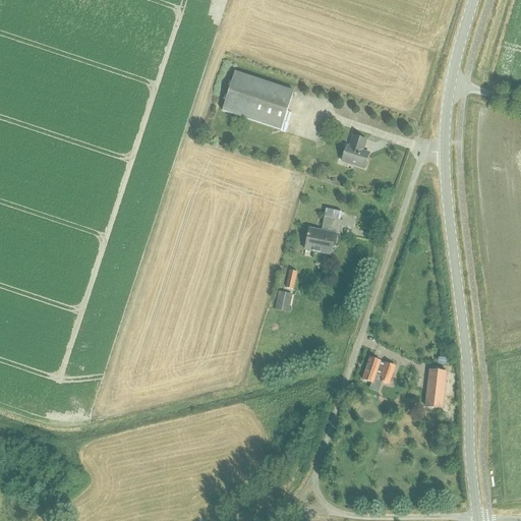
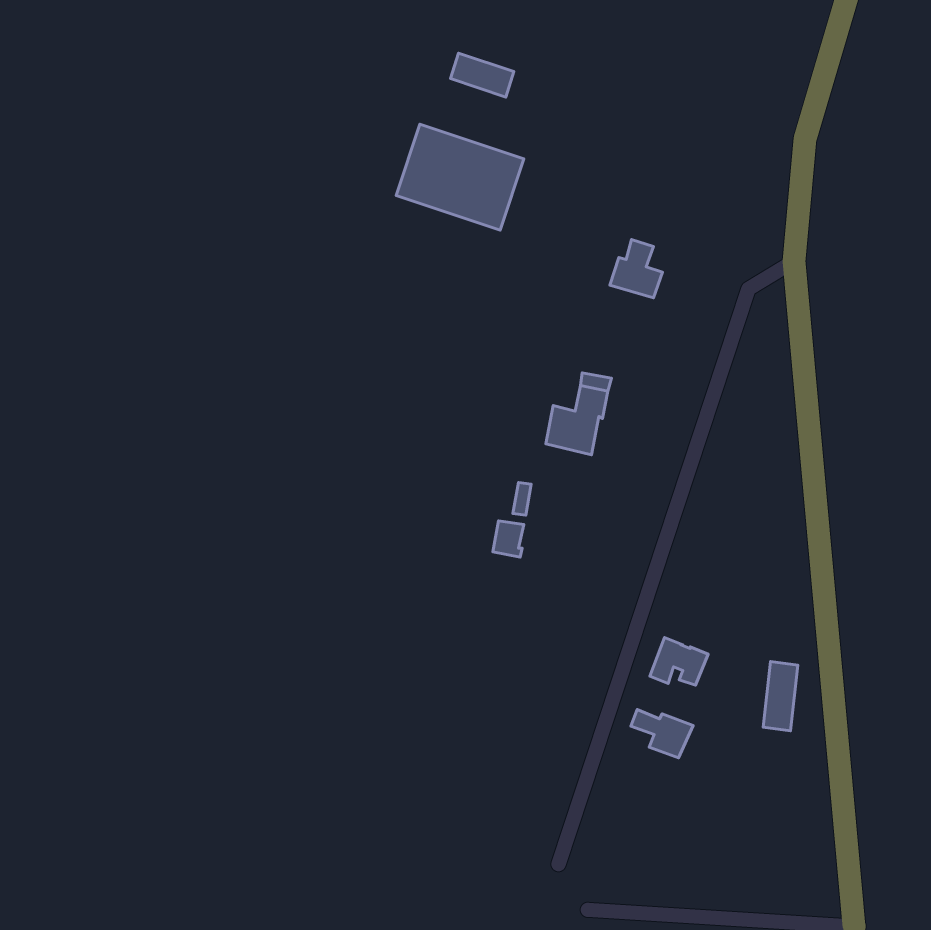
building: none -> [451,53,514,97]
building: none -> [631,710,693,758]

